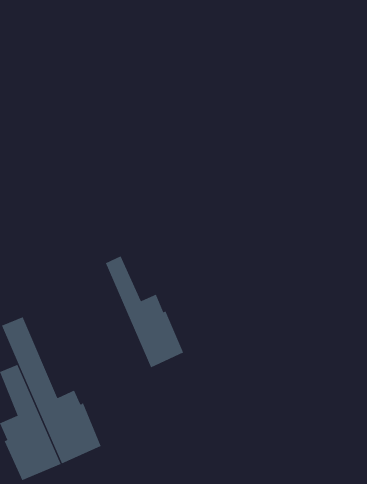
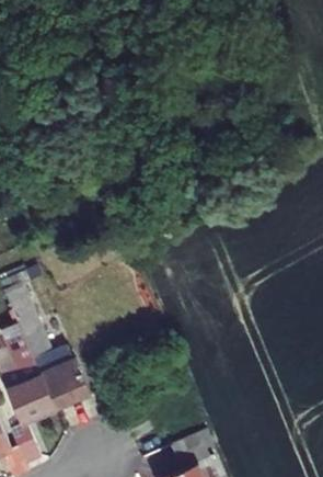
building: [105,255,184,368] -> none

